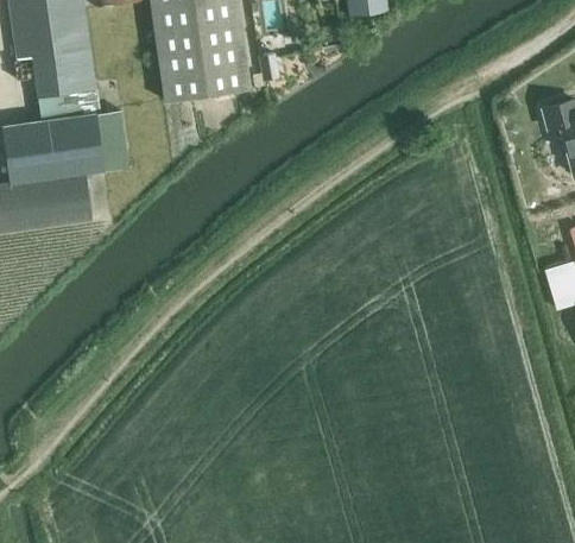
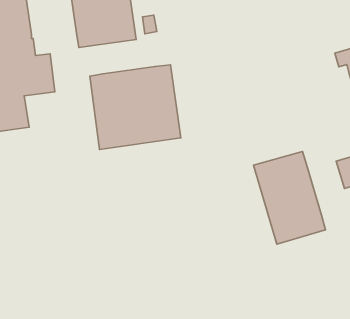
building: none -> [90,65,181,150]
building: none -> [254,152,325,244]

